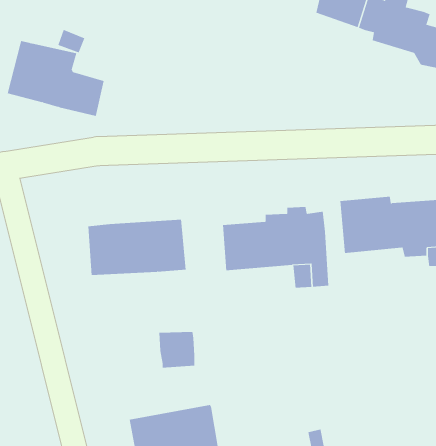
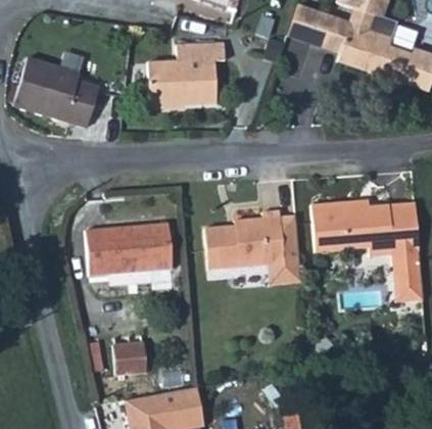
building: none -> [155,53,237,114]
building: [158,331,195,368] -> [112,340,145,373]

